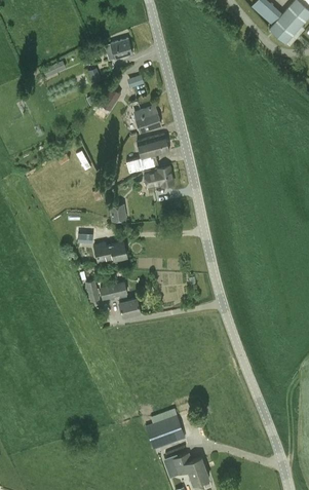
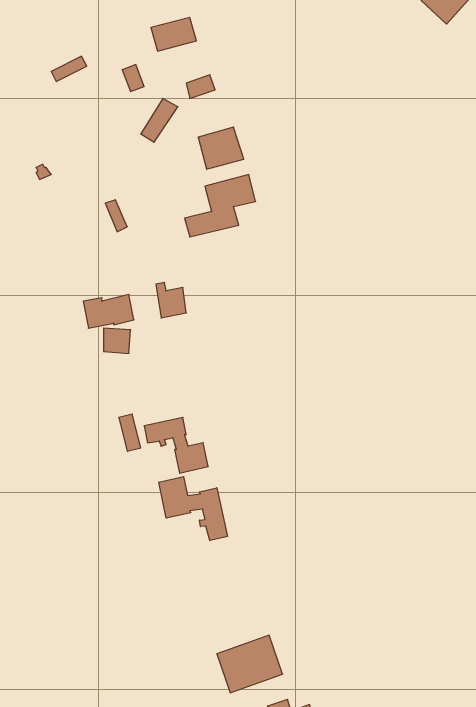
building: [144,165,173,189] -> none
building: [95,240,126,261] -> [83,294,134,328]
building: none -> [159,477,227,541]

